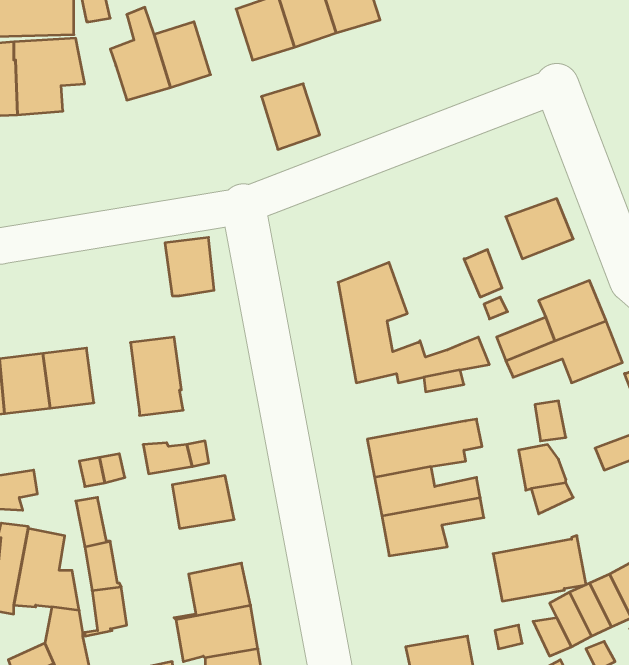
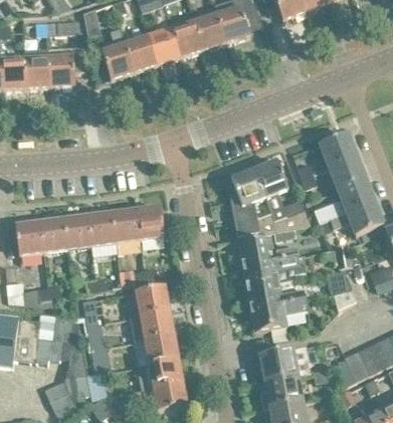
building: [261,84,320,149] -> [148,29,180,65]
building: [165,237,214,296] -> [137,207,164,239]
building: none -> [329,156,366,190]
building: none -> [255,160,288,221]
building: none -> [88,213,117,246]
building: none -> [239,238,298,266]
building: none -> [130,310,174,343]
building: [493,536,586,601] -> [259,345,311,381]

